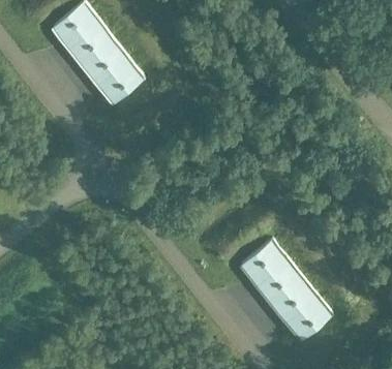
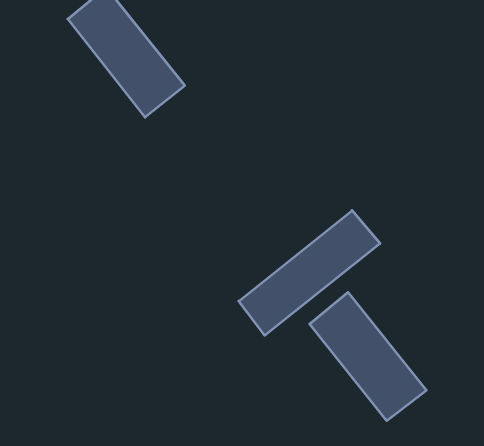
building: none -> [239,210,380,335]

